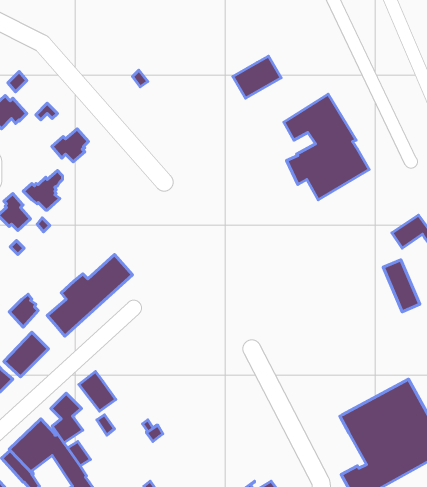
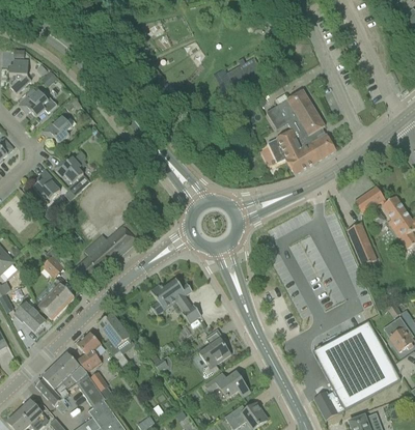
building: [52,129,89,162] -> [42,115,72,142]
building: none -> [149,279,200,322]
building: none -> [198,327,230,377]
building: none -> [204,371,250,398]

